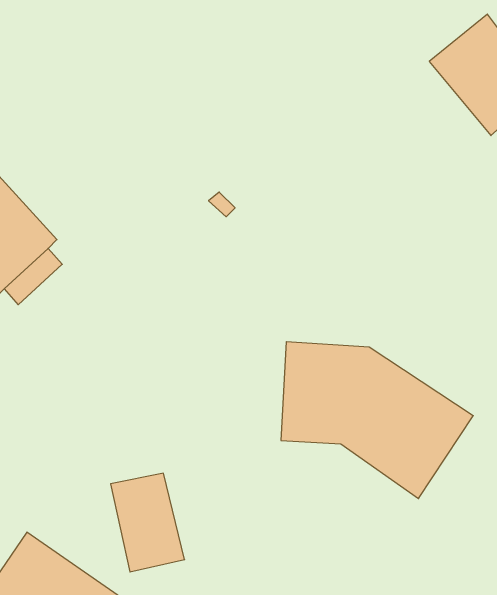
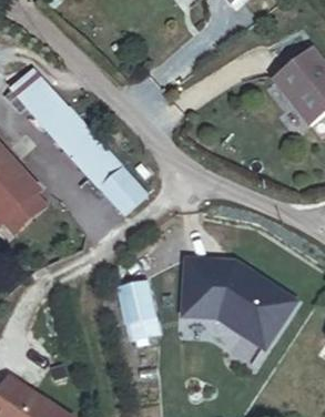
building: none -> [11,70,145,211]
building: [111,473,185,572] -> [115,282,162,344]

